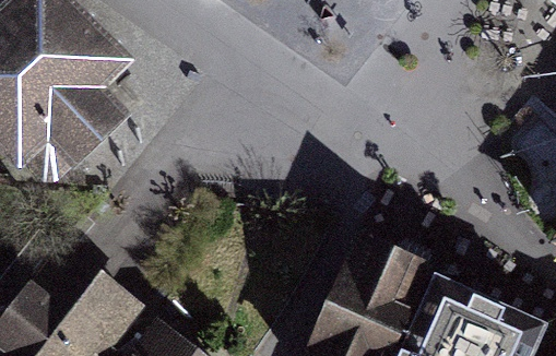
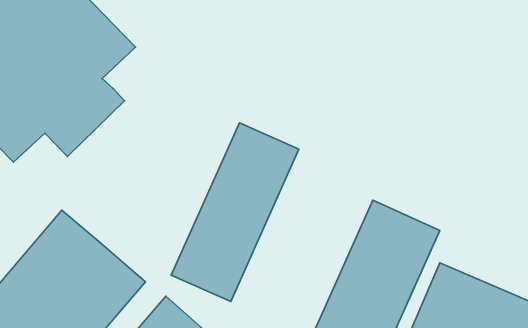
building: none -> [171,123,299,301]

